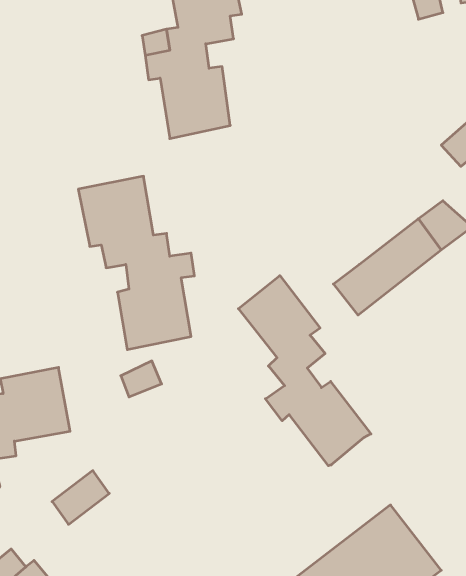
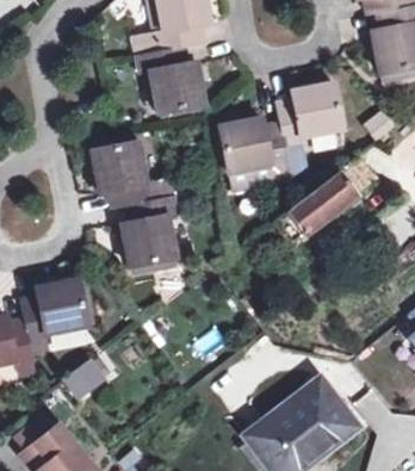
building: none -> [223,83,347,175]
building: [238,276,371,466] -> none

